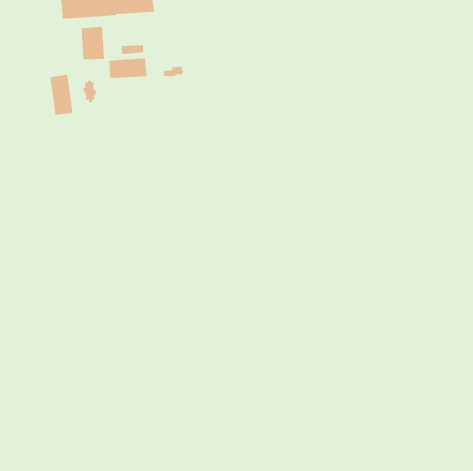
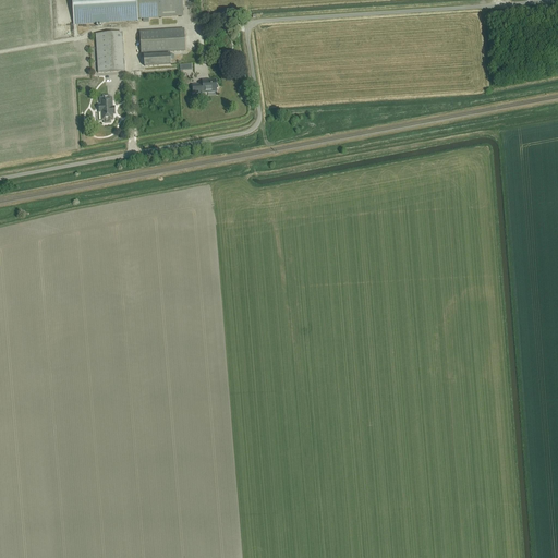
building: [108,57,147,79] -> [138,26,184,51]
building: [49,74,73,115] -> none

